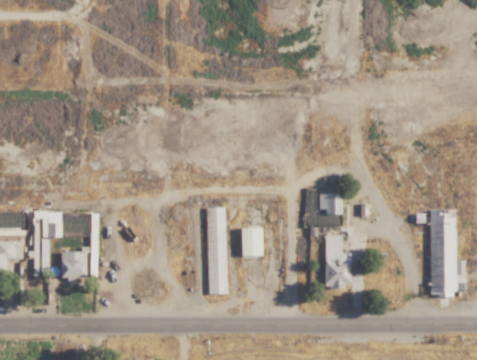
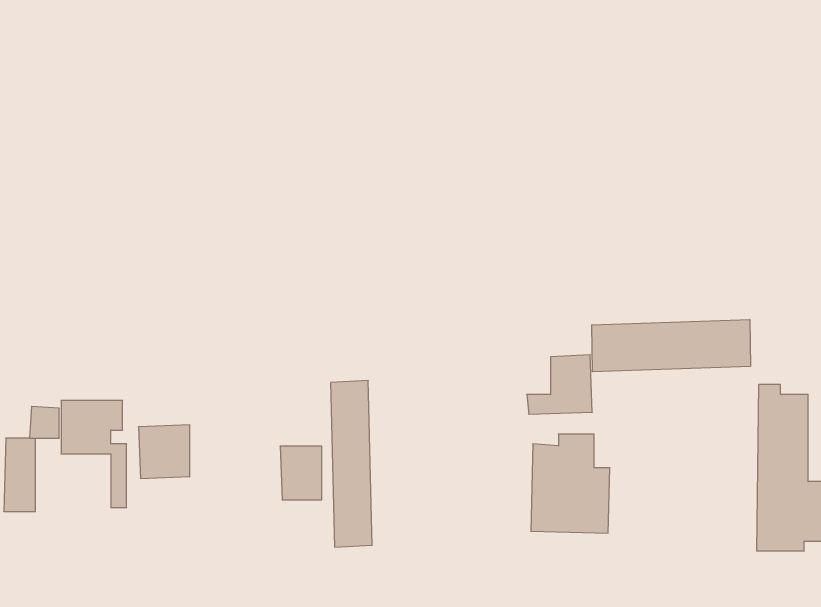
building: none -> [592,319,750,372]
building: [240,227,262,255] -> [280,446,322,500]
building: [60,250,87,278] -> [138,425,190,478]

